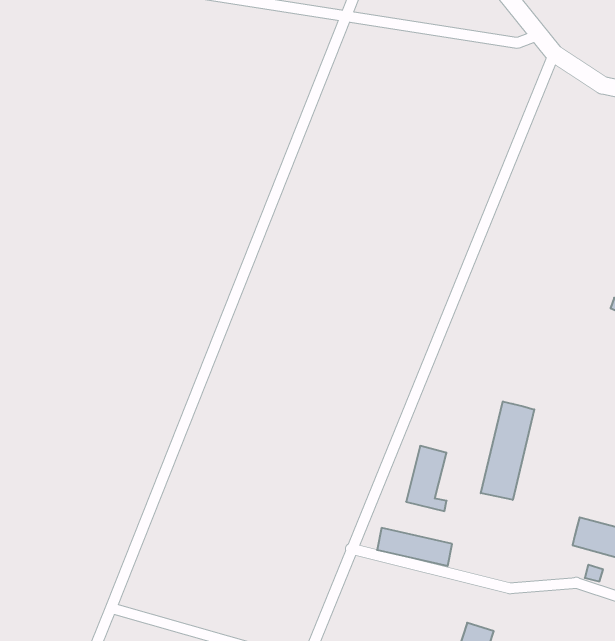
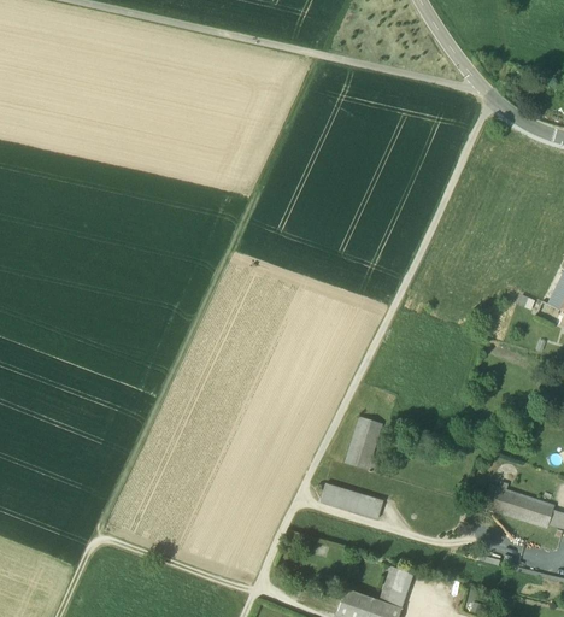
building: [481,401,534,500] -> none

